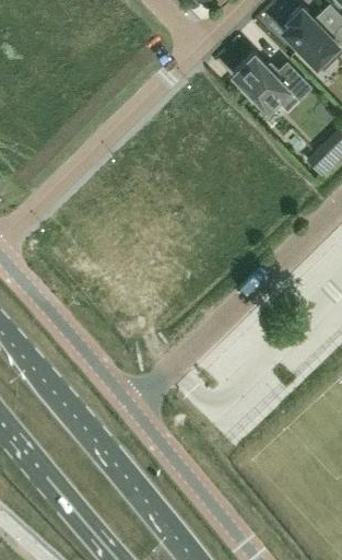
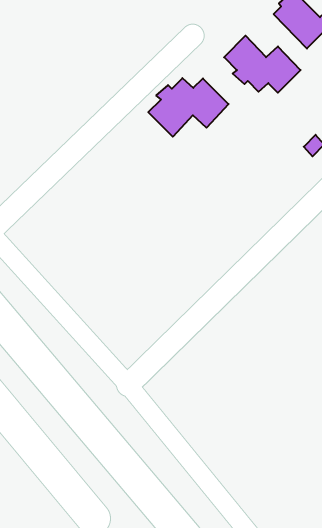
building: none -> [148,78,229,137]

